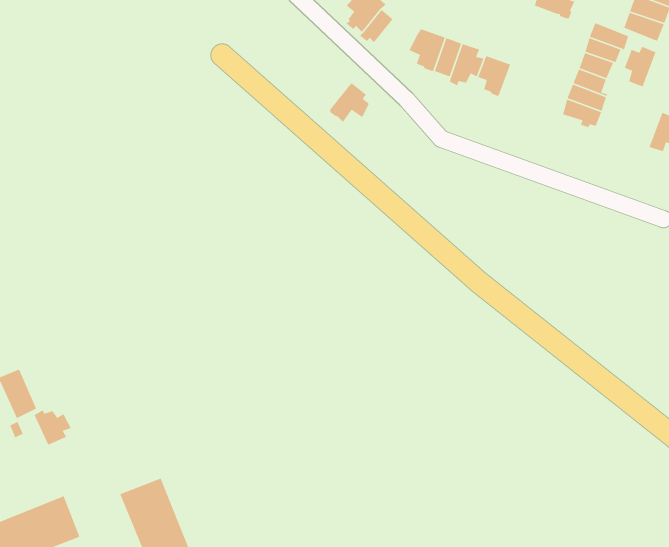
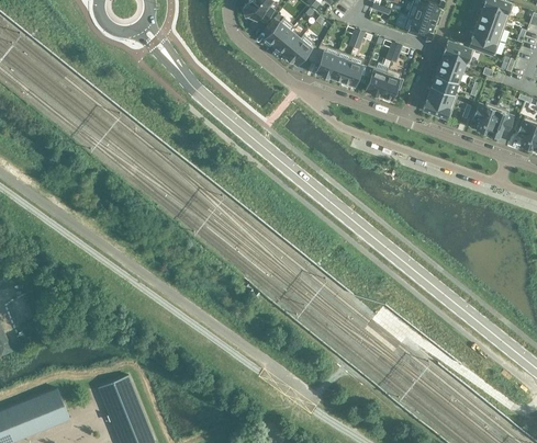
building: [624,46,657,88] -> [473,102,497,133]
building: none -> [378,69,403,102]
building: [328,82,370,123] -> [286,35,316,65]
building: [34,409,72,446] -> none

